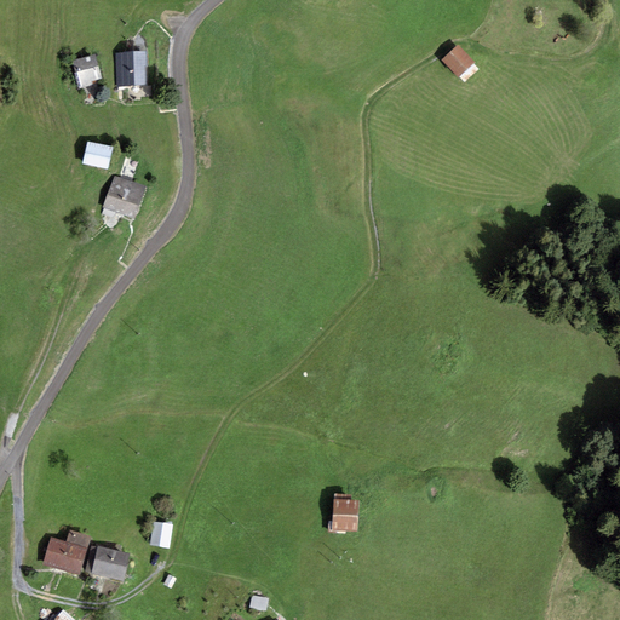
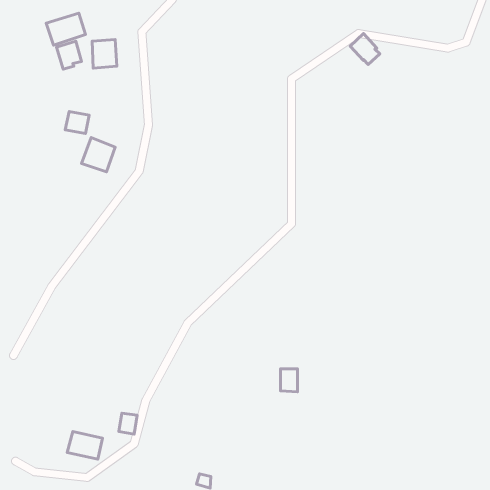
building: none -> [46,13,85,45]
building: [331,503,352,532] -> [280,369,298,392]
building: [44,529,91,574] -> none

